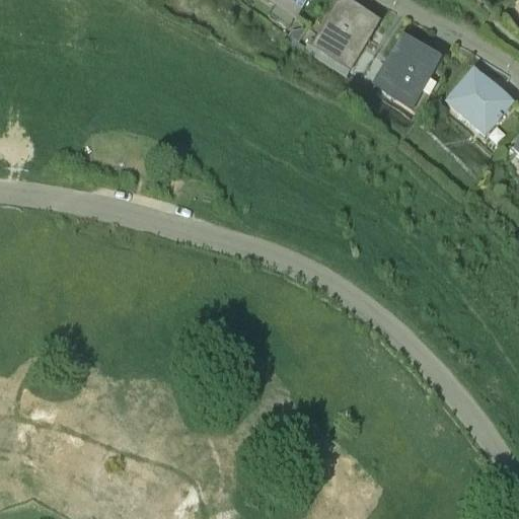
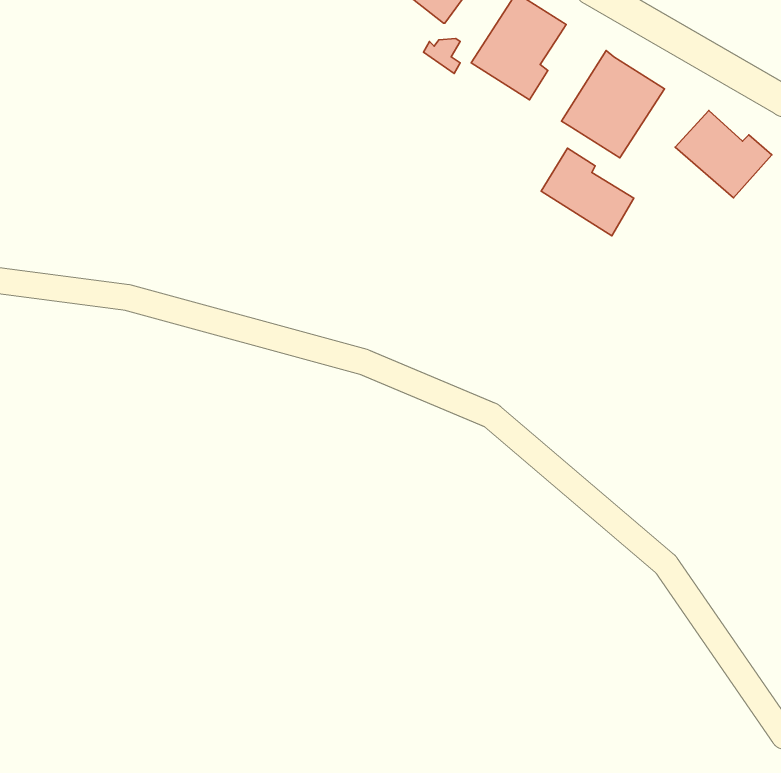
building: none -> [541,148,634,236]

